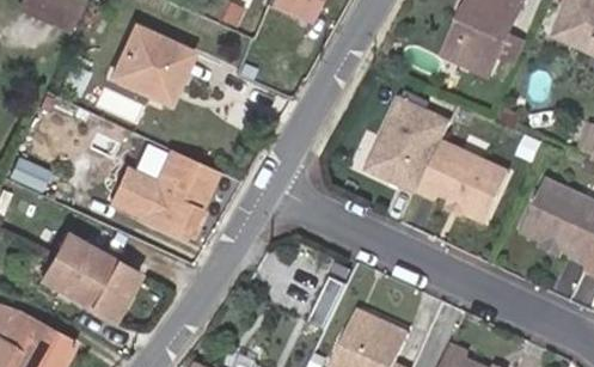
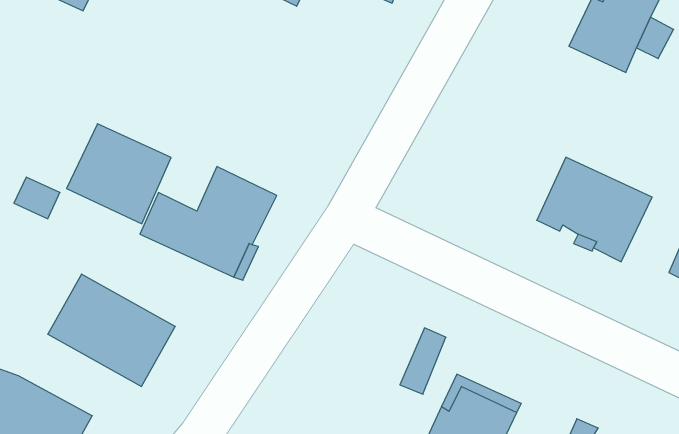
building: [110,25,191,103] -> [67,124,171,224]
building: [367,98,451,192] -> none

